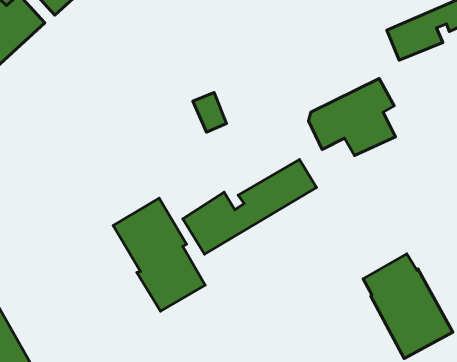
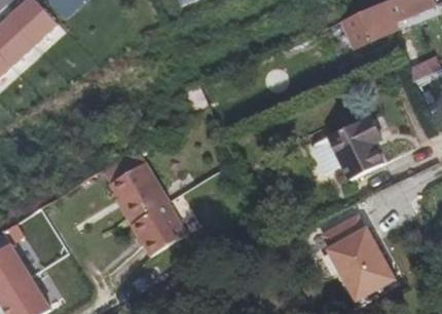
building: [308,78,395,156] -> [310,114,382,178]
building: [183,159,317,254] -> none

